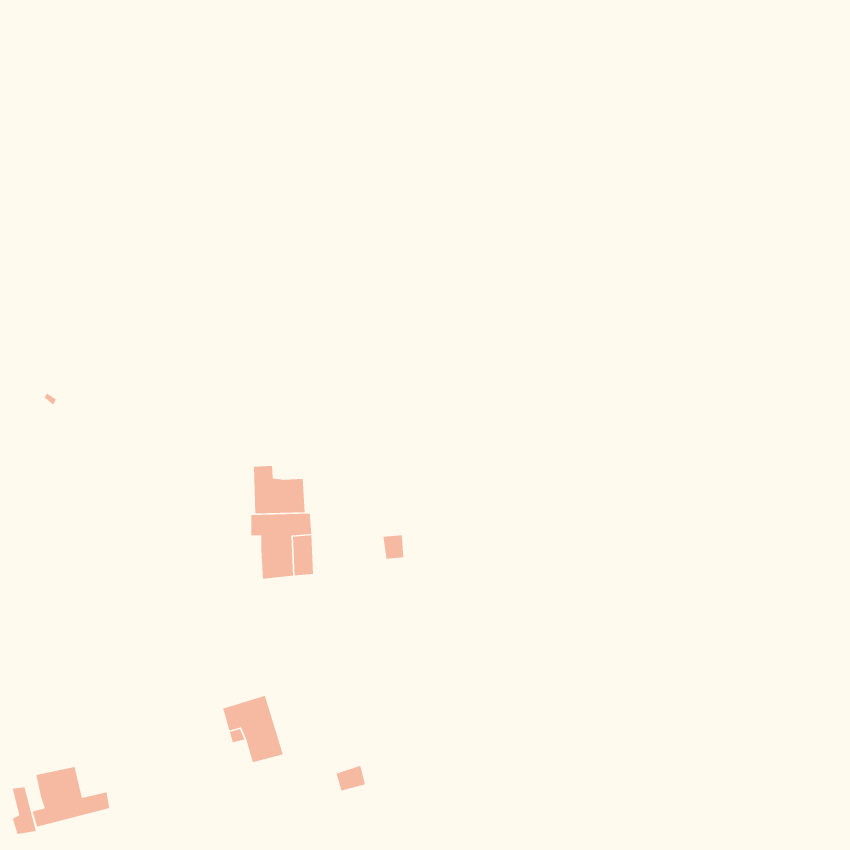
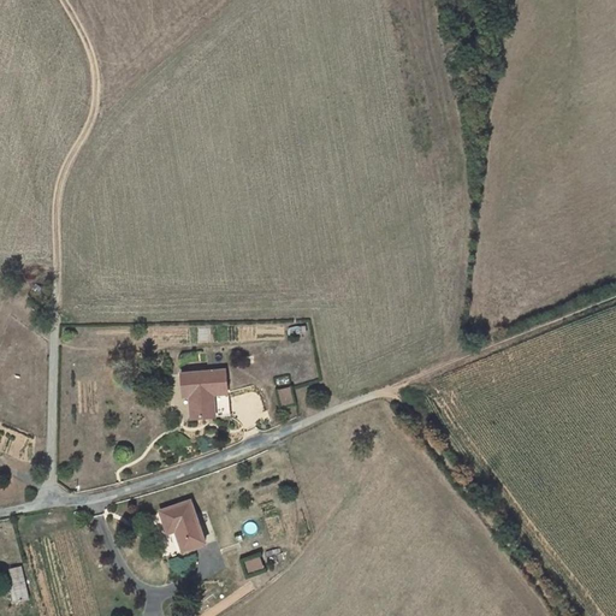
building: [253,465,305,514] -> none
building: [31,766,110,828] -> none

